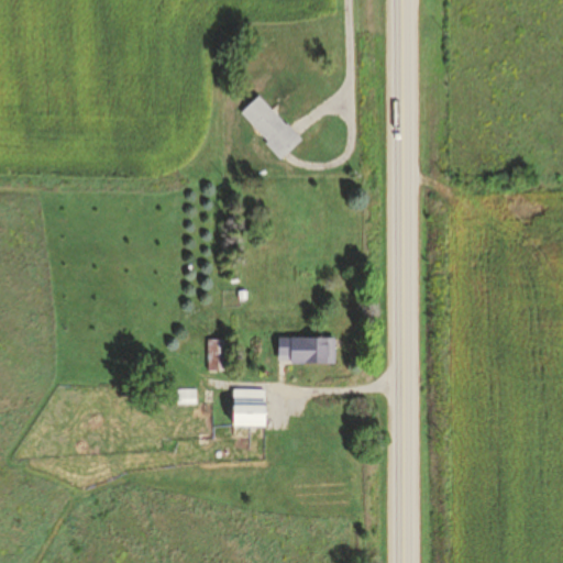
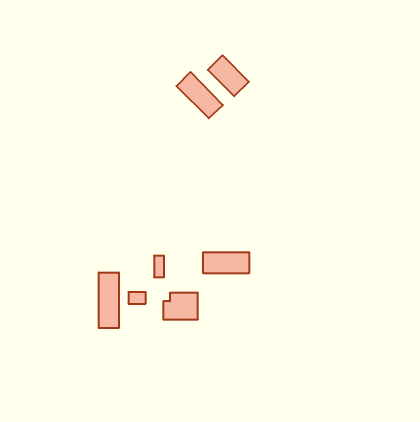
building: none -> [208,55,249,96]
building: none -> [99,272,119,328]

